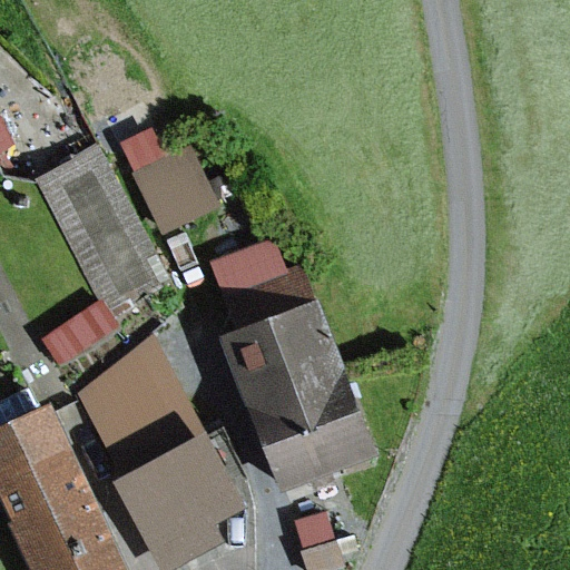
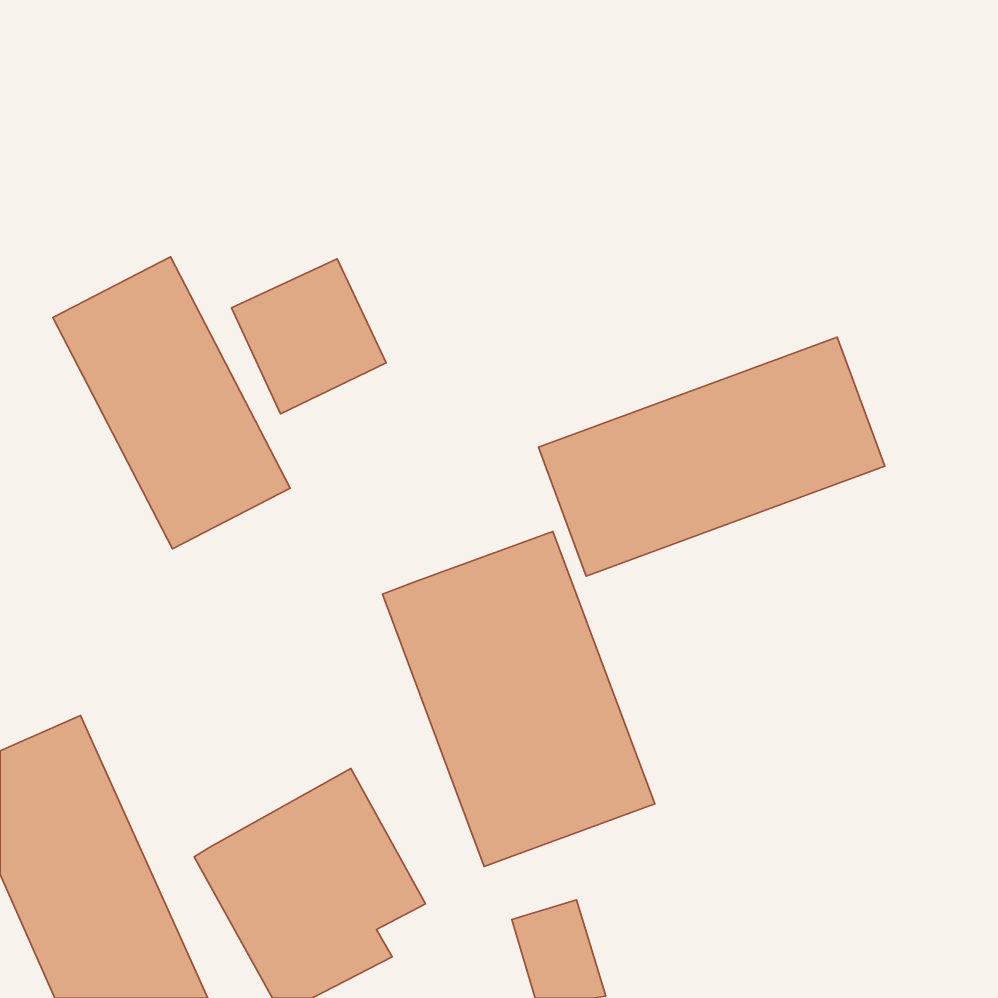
building: none -> [539,337,885,576]
building: [210,237,316,331] -> none
building: [79,332,202,481] -> none

